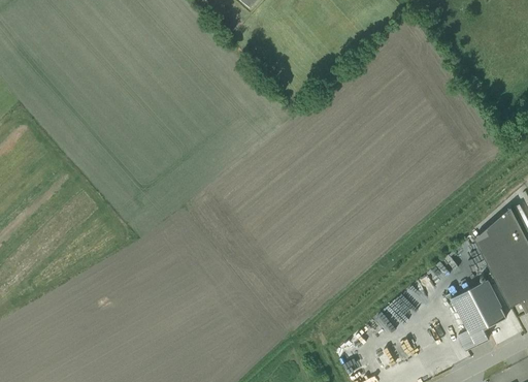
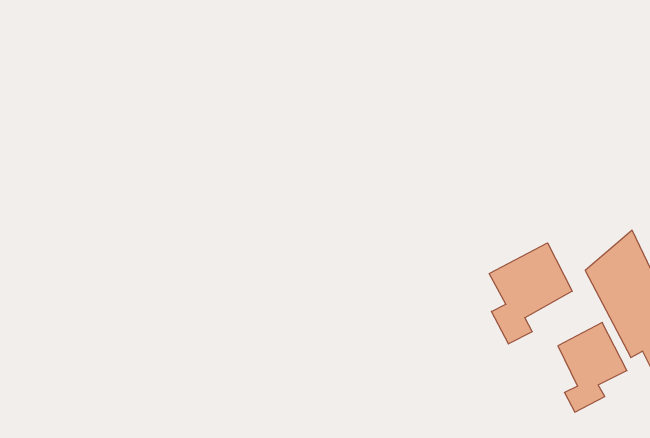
building: none -> [489,243,572,344]

